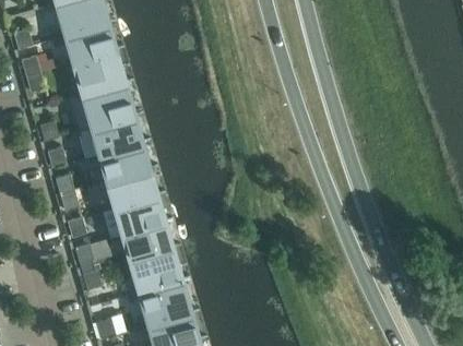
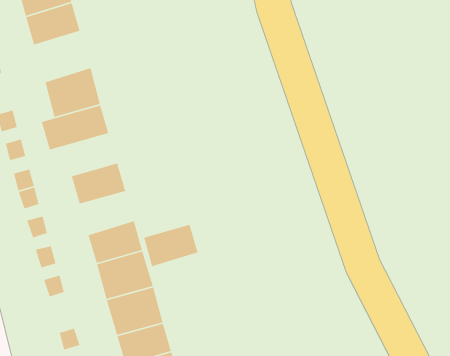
building: [73,50,126,96] -> none
building: [99,143,150,181] -> none
building: [115,195,165,235] -> [143,224,198,267]

